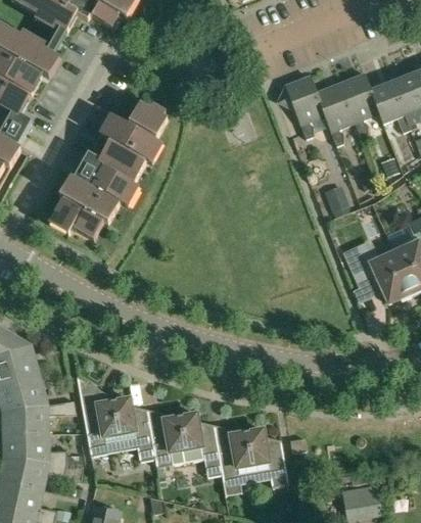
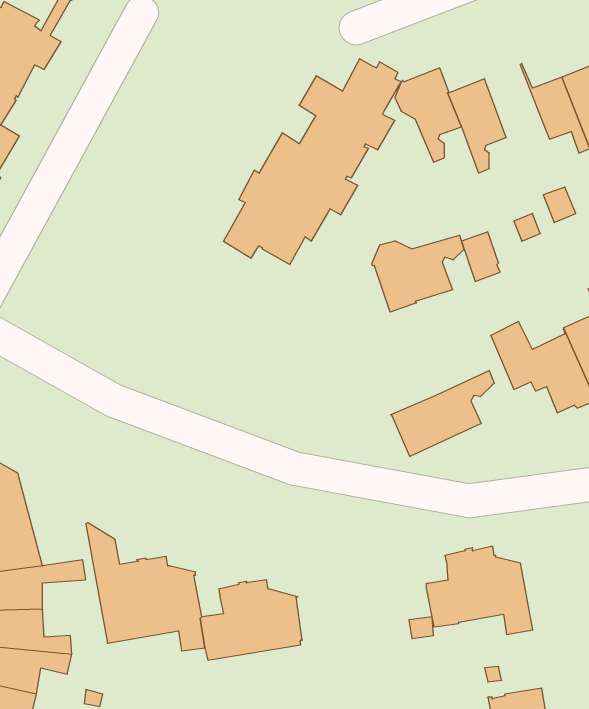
building: [339,73,378,135] -> none
building: [49,102,167,238] -> [223,59,401,264]
building: none -> [372,235,464,312]
building: none -> [391,371,494,457]
building: [218,428,288,486] -> [426,546,533,634]

